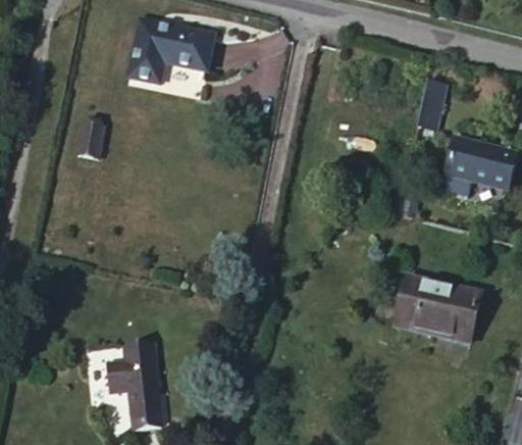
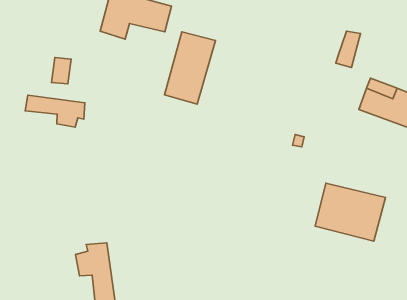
building: none -> [164,32,215,104]
building: none -> [25,95,85,127]

